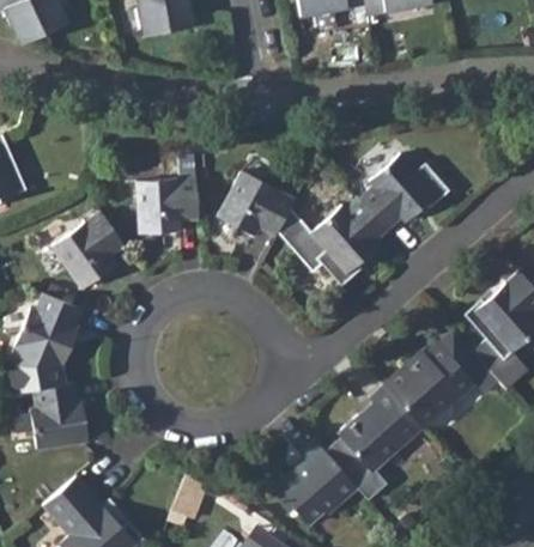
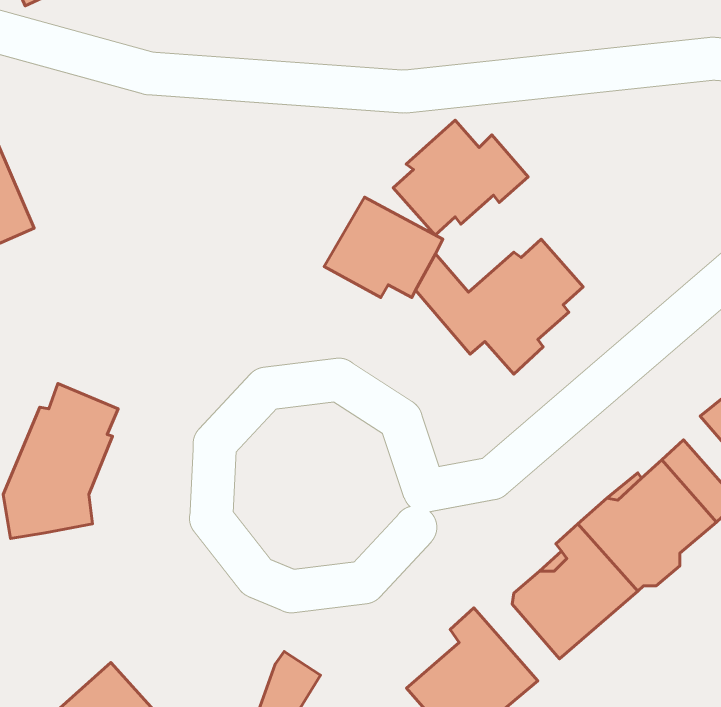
building: [359,153,448,229] -> [393,120,528,235]
building: [135,177,198,233] -> none
building: [51,211,125,288] -> none
building: [30,383,89,450] -> none

